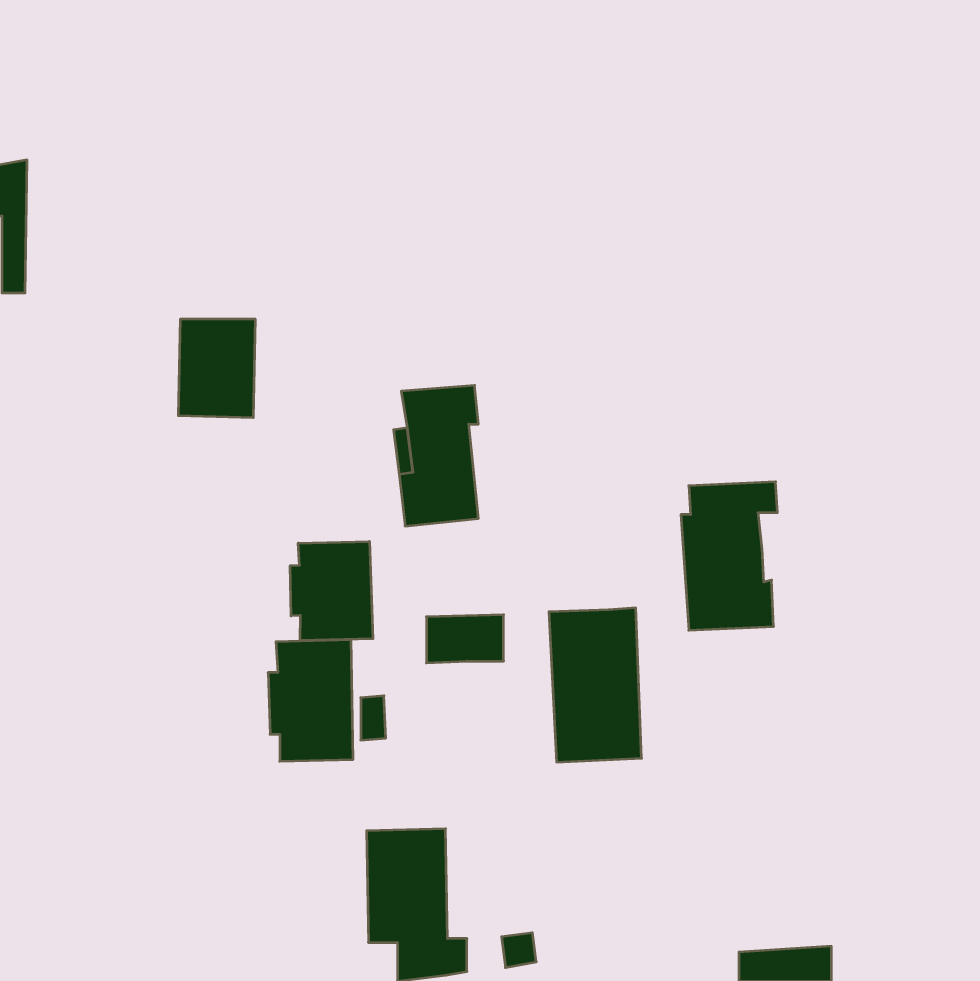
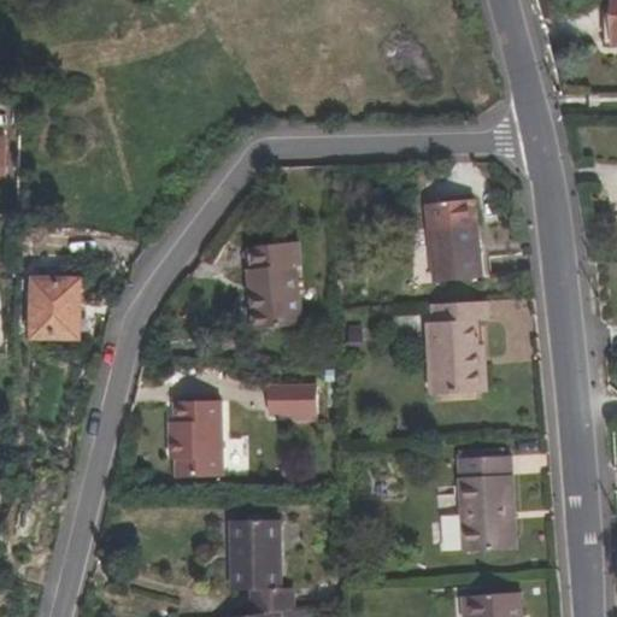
building: none -> [424,198,481,282]
building: [178,319,255,418] -> [30,277,78,339]
building: [290,541,373,641] -> none
building: [549,608,642,762] -> [457,454,515,551]

